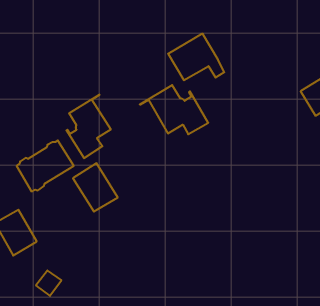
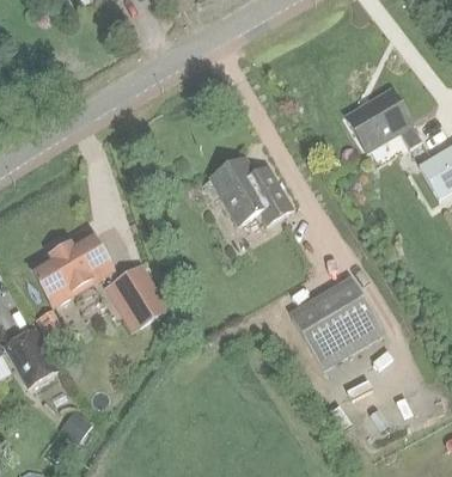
building: [168,34,224,80] -> [344,88,421,152]
building: [66,94,111,158] -> none
building: none -> [289,277,385,369]

